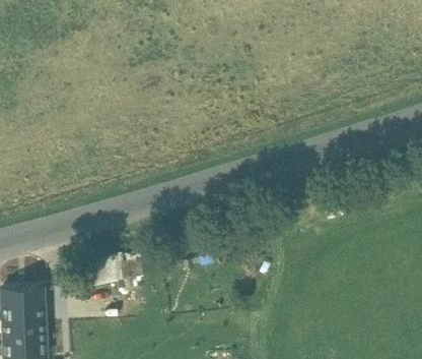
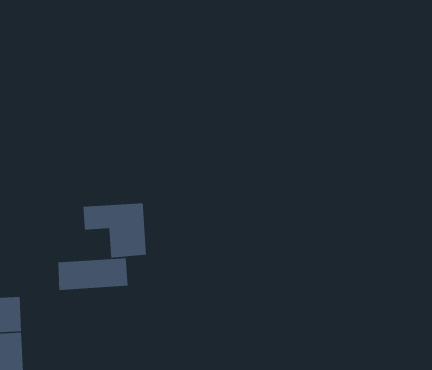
building: none -> [83,202,147,258]

